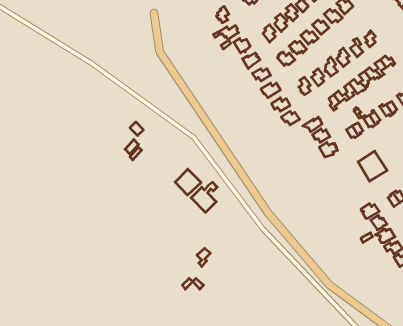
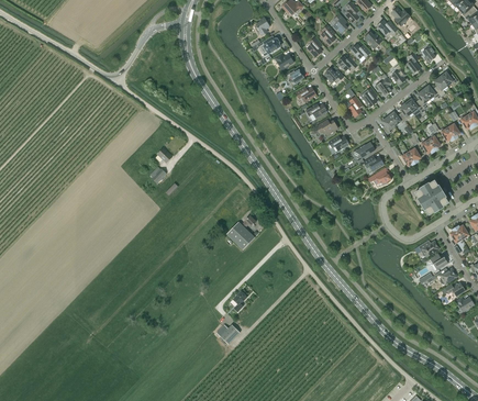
building: [175,169,201,195] -> none

